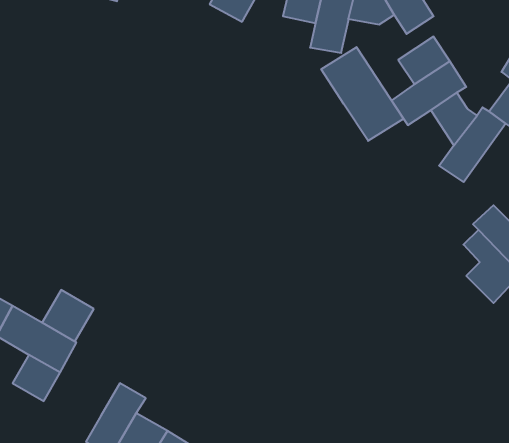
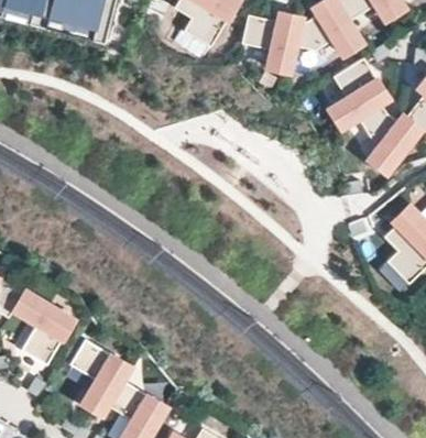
building: [321,47,403,141] -> none
building: [42,290,94,342] -> [67,331,109,373]

